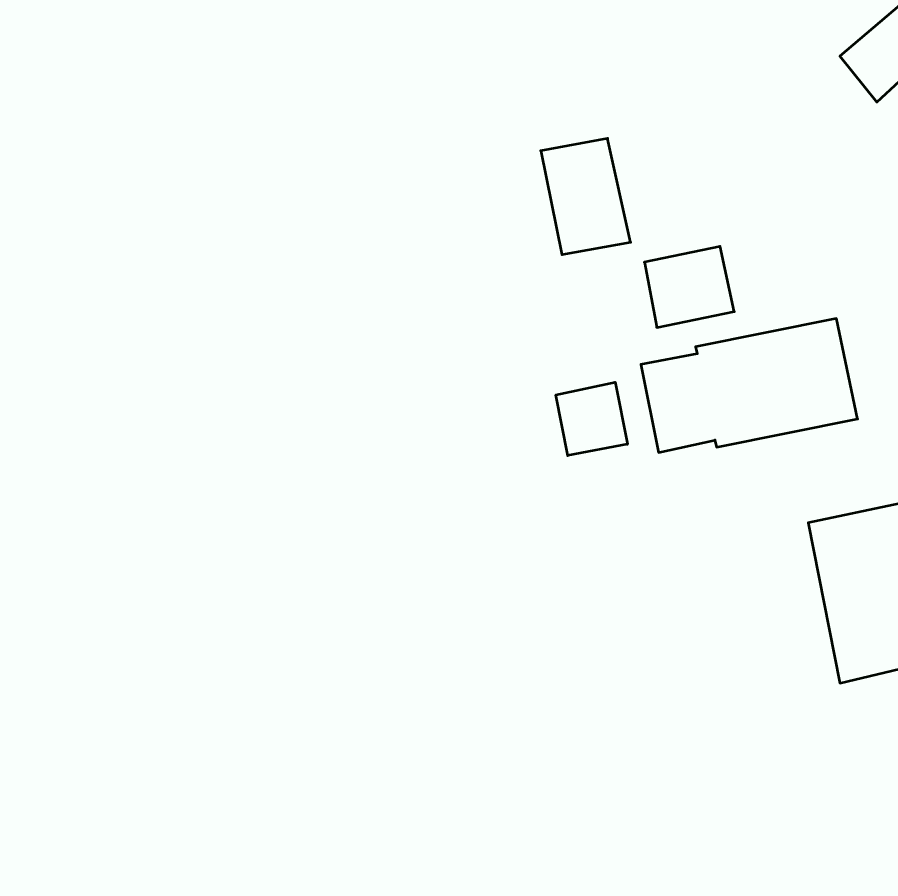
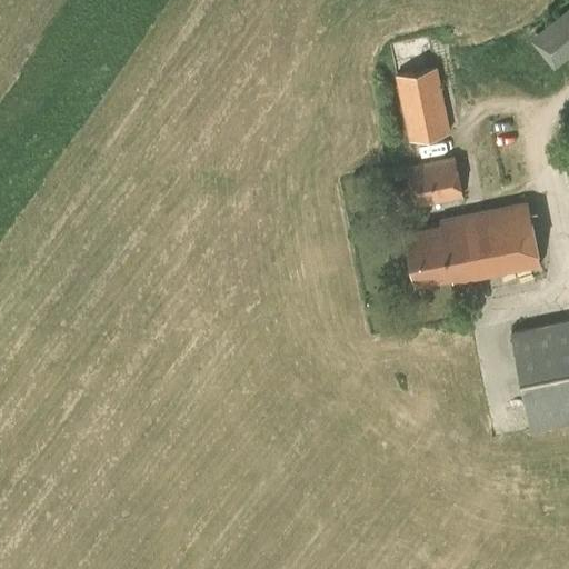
building: [541,138,631,255] -> [396,69,452,142]
building: [556,382,627,456] -> none

